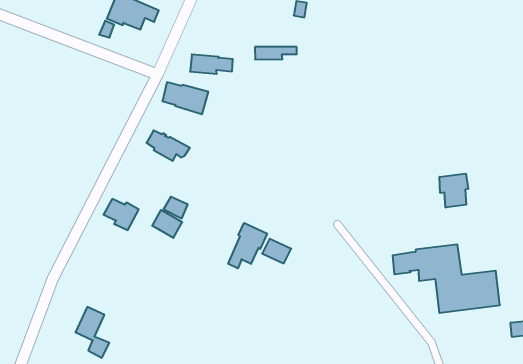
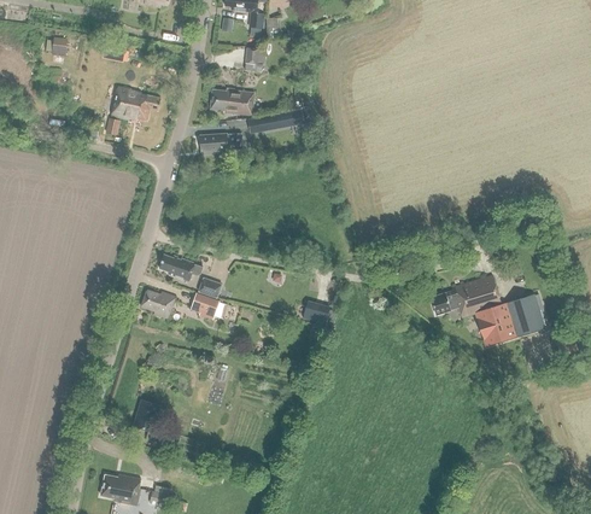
building: [162,82,208,114] -> [210,89,253,115]
building: [146,130,190,161] -> [159,255,203,281]
building: [440,174,468,208] -> none
building: [228,223,267,268] -> none

